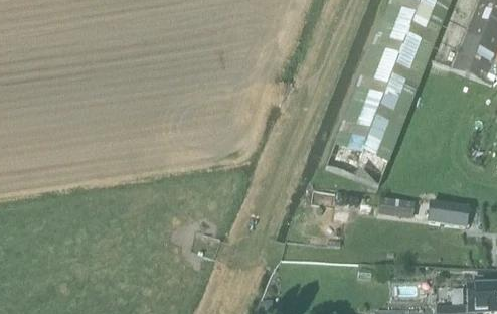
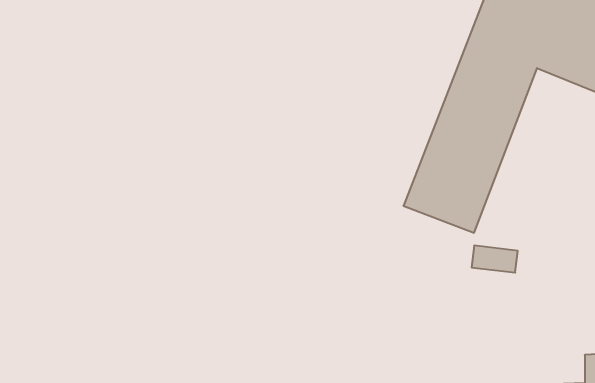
building: [428,200,470,225] -> none

